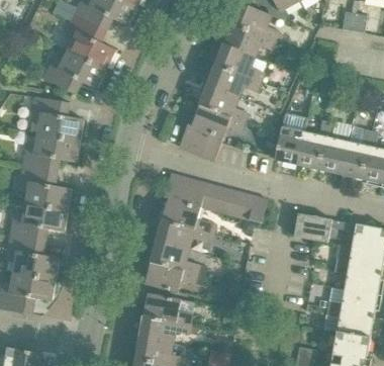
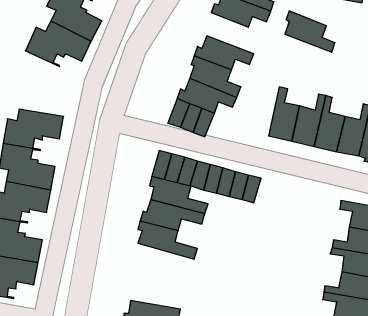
building: [215,41,263,81] -> [285,11,335,52]
building: [29,96,83,141] -> none
building: [293,212,343,242] -> none
building: [140,261,203,292] -> none
building: [140,292,194,324] -> none

